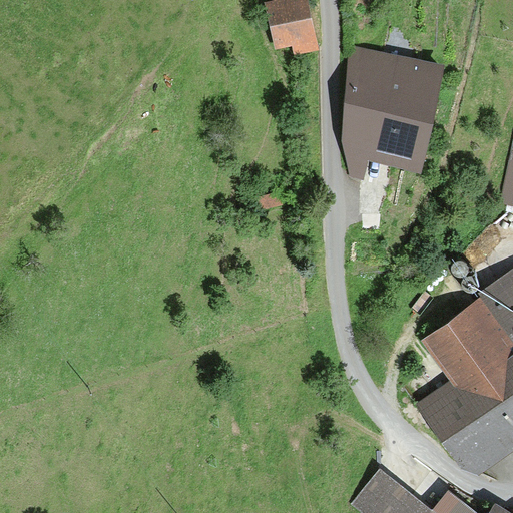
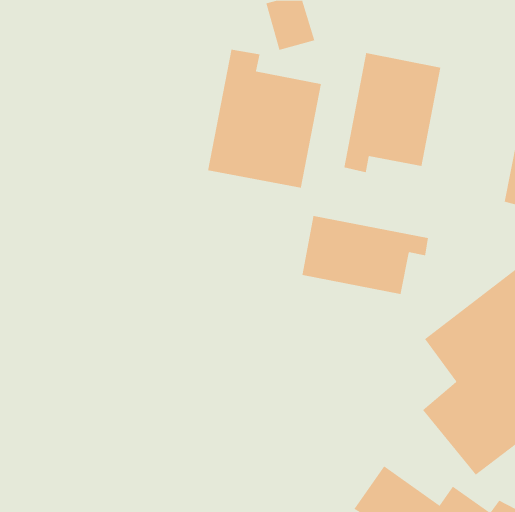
building: none -> [207,49,322,189]
building: none -> [302,215,428,295]

